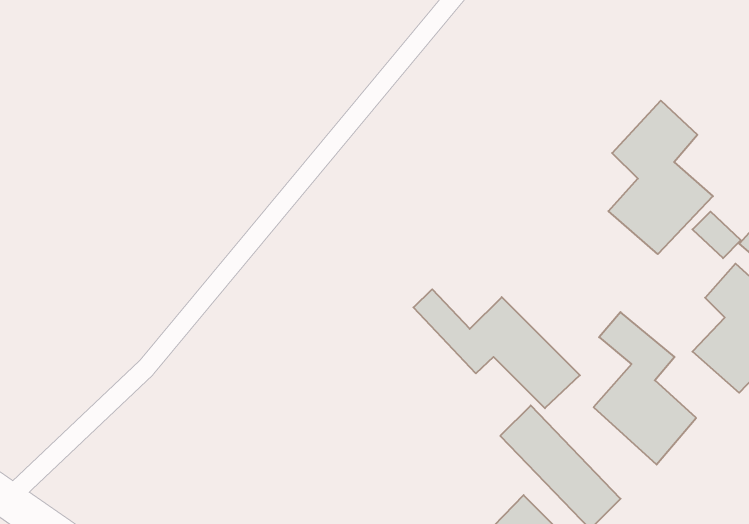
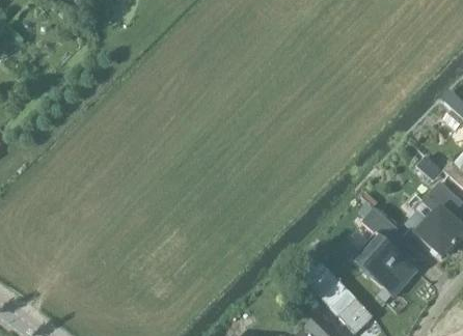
building: [608,101,713,254] -> none
building: [413,289,580,408] -> none

